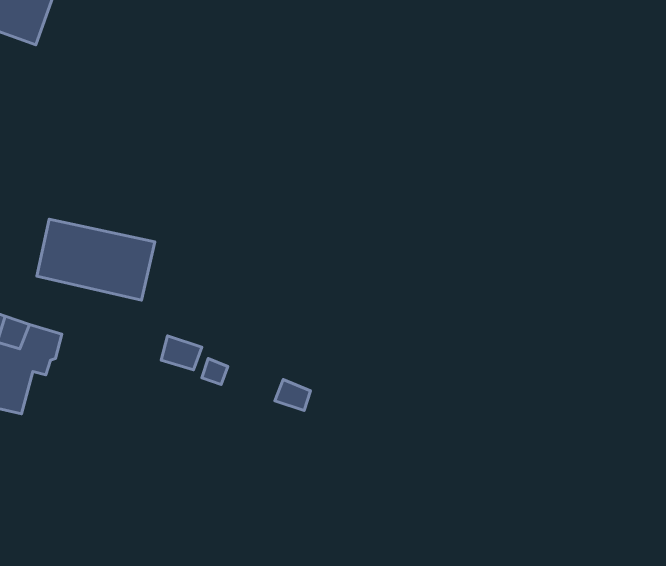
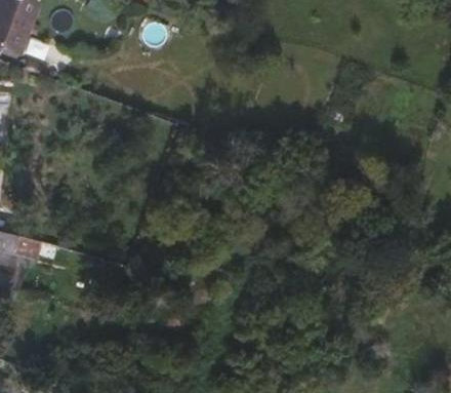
building: [37,219,155,300] -> none

